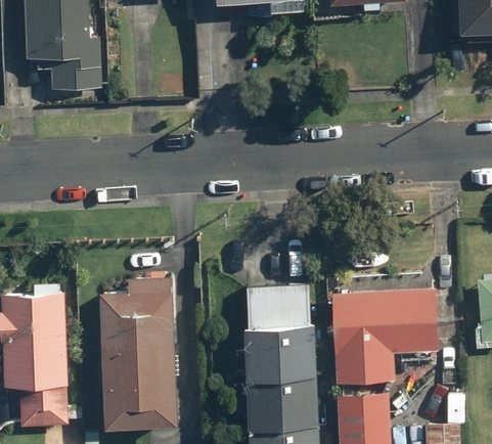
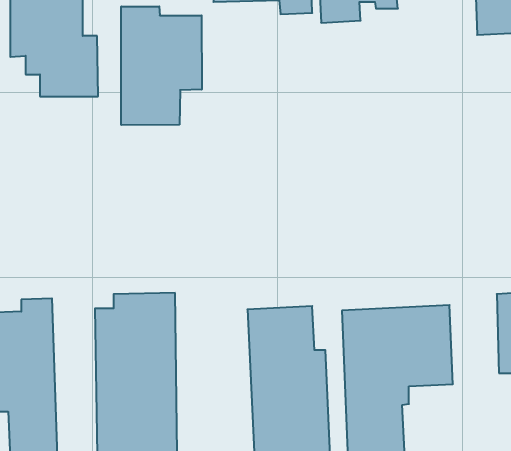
building: none -> [121,6,202,125]

